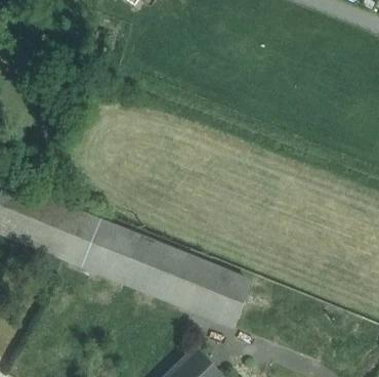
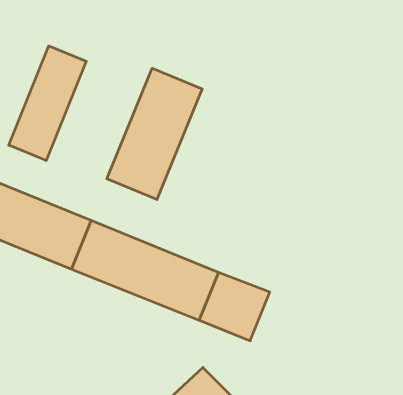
building: none -> [9,46,86,161]
building: none -> [107,68,202,200]

